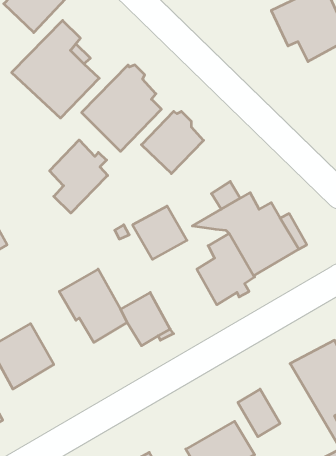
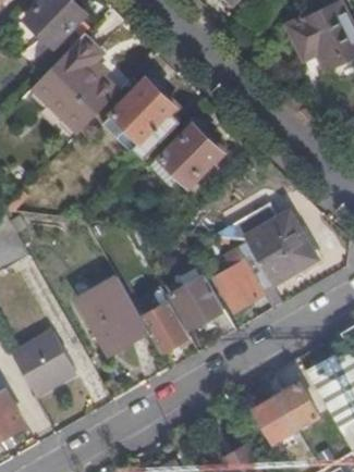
building: [50,140,108,213] -> none
building: [133,206,187,259] -> [171,276,224,328]
building: none -> [277,383,318,430]

